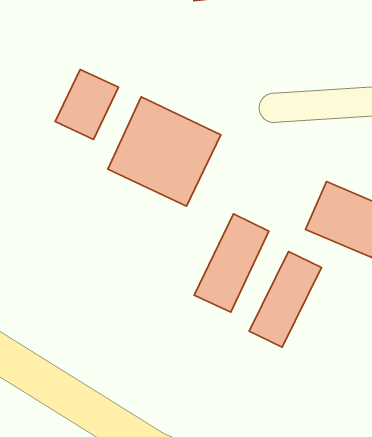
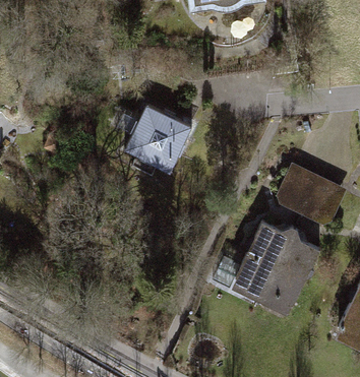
building: [55,69,118,139] -> none
building: [194,214,269,312] -> [257,236,319,317]

